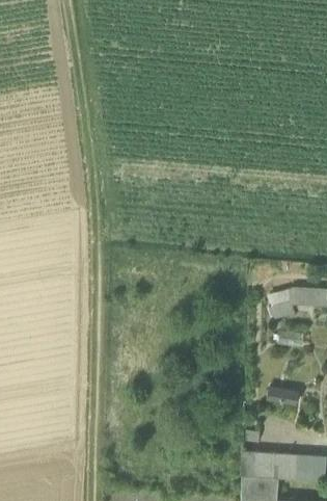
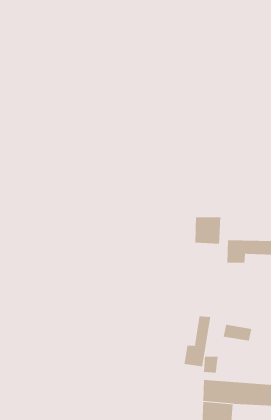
building: none -> [195,216,221,245]
building: none -> [184,315,211,367]

